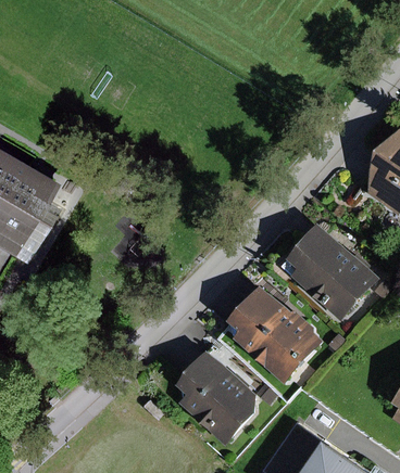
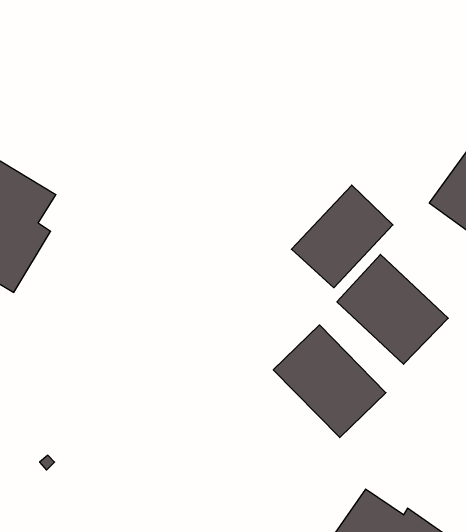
building: none -> [291,185,393,288]
building: [173,356,258,442] -> none

